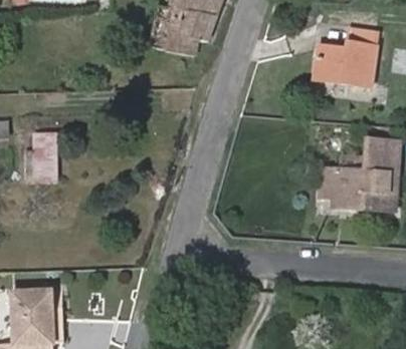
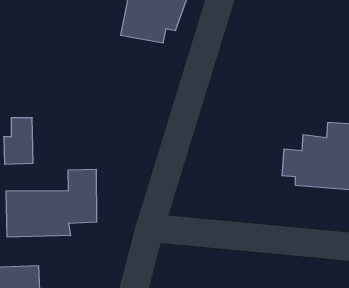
building: [315,29,377,85] -> none
building: none -> [6,169,96,237]

